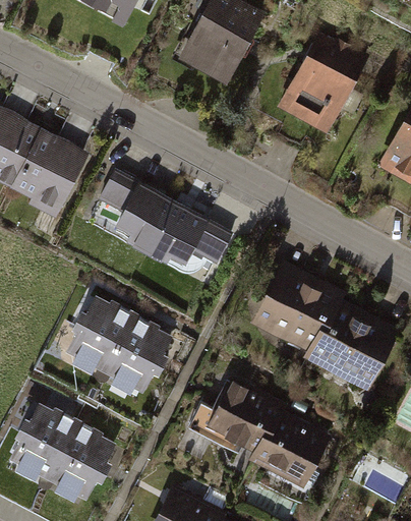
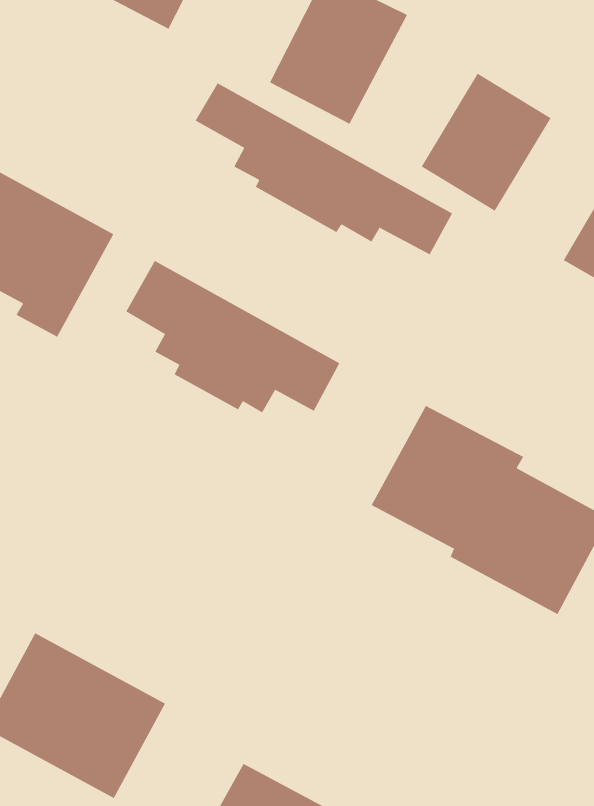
building: none -> [195,82,453,255]
building: [64,295,179,399] -> none
building: [187,378,326,484] -> none

